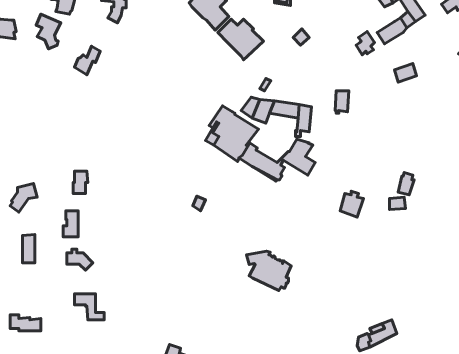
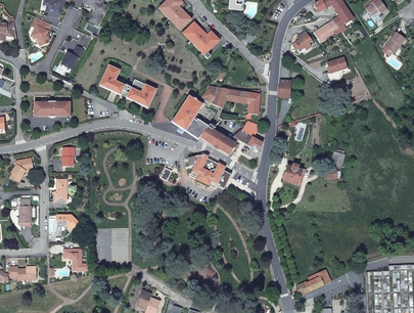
building: none -> [99,64,156,107]
building: none -> [35,99,71,117]
building: [247,251,291,291] -> [188,154,225,187]

